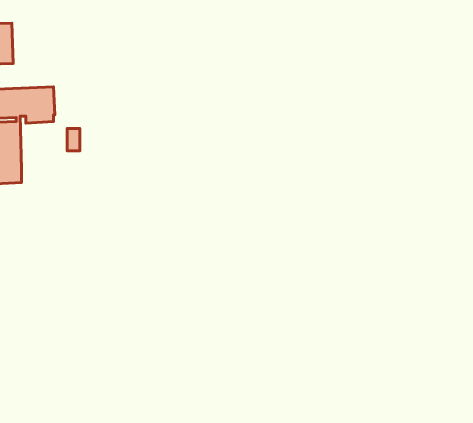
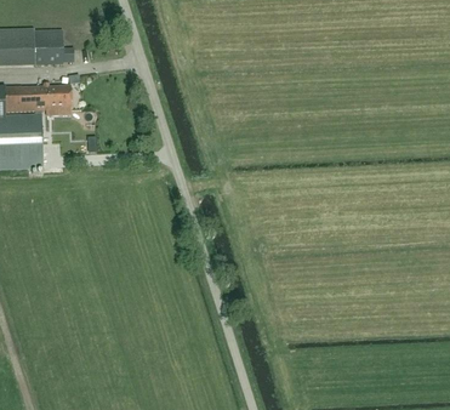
building: none -> [33,28,62,63]

